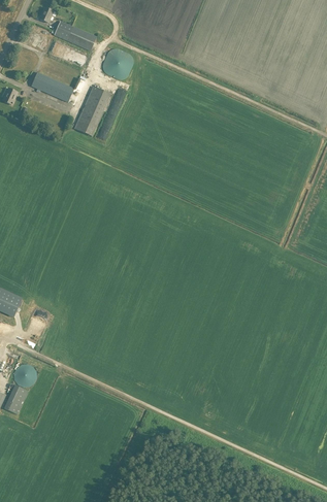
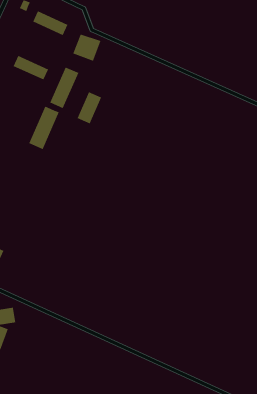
building: none -> [77,91,102,124]
building: none -> [28,105,60,150]

